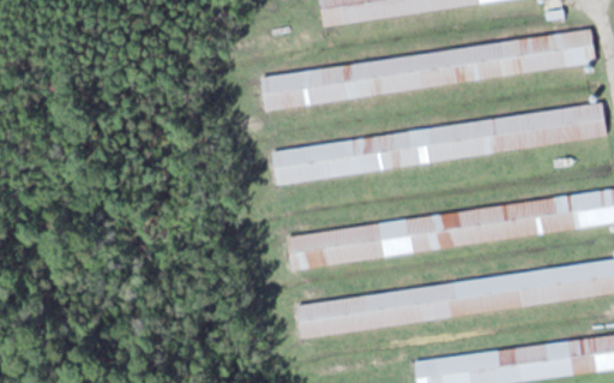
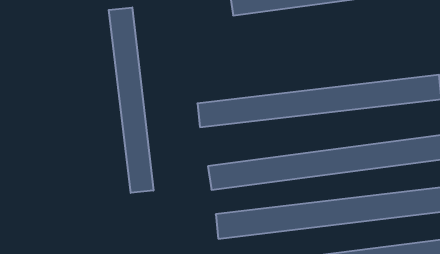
building: none -> [109,7,153,193]
building: [263,31,600,107] -> none

